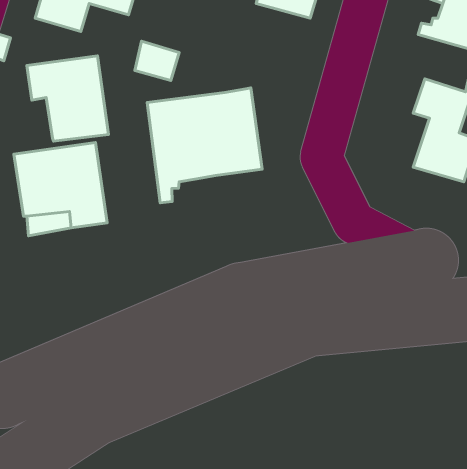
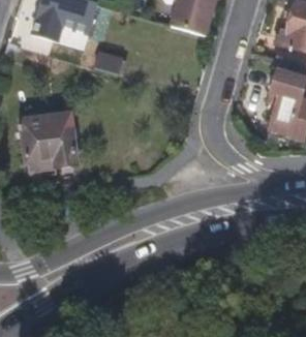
building: [27,56,108,141] -> none
building: [147,88,262,203] -> none

